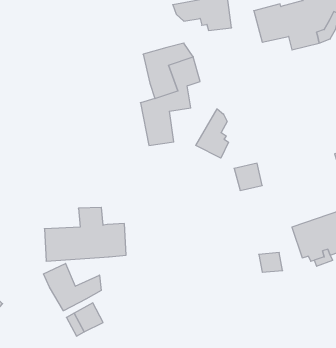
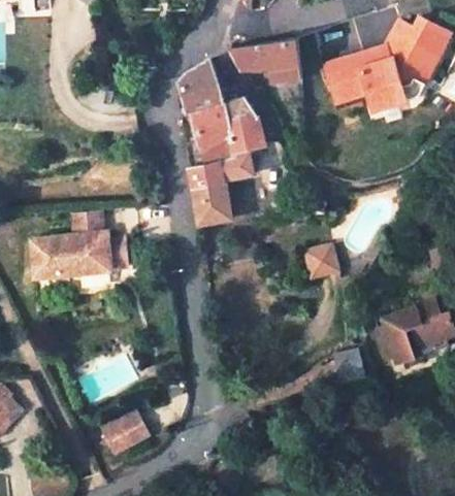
building: none -> [177,59,222,113]
building: [196,109,228,158] -> none
building: [44,207,126,261] -> [29,211,128,276]
building: [43,263,101,311] -> none

